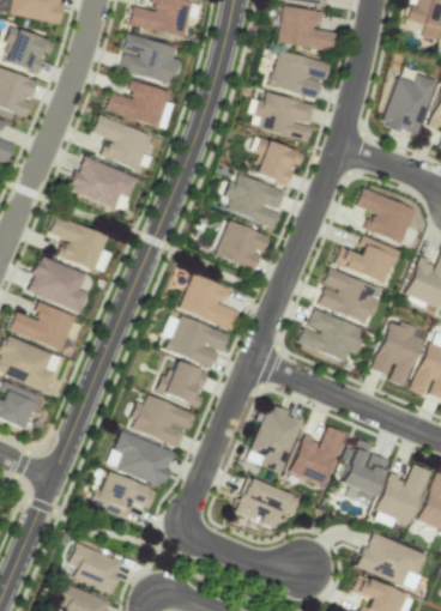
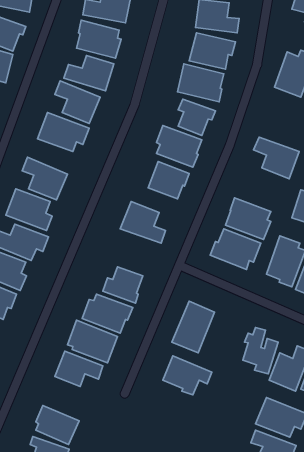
building: [333,237,400,282] -> none
building: [164,315,229,367] -> none
building: [290,427,344,485] -> none

